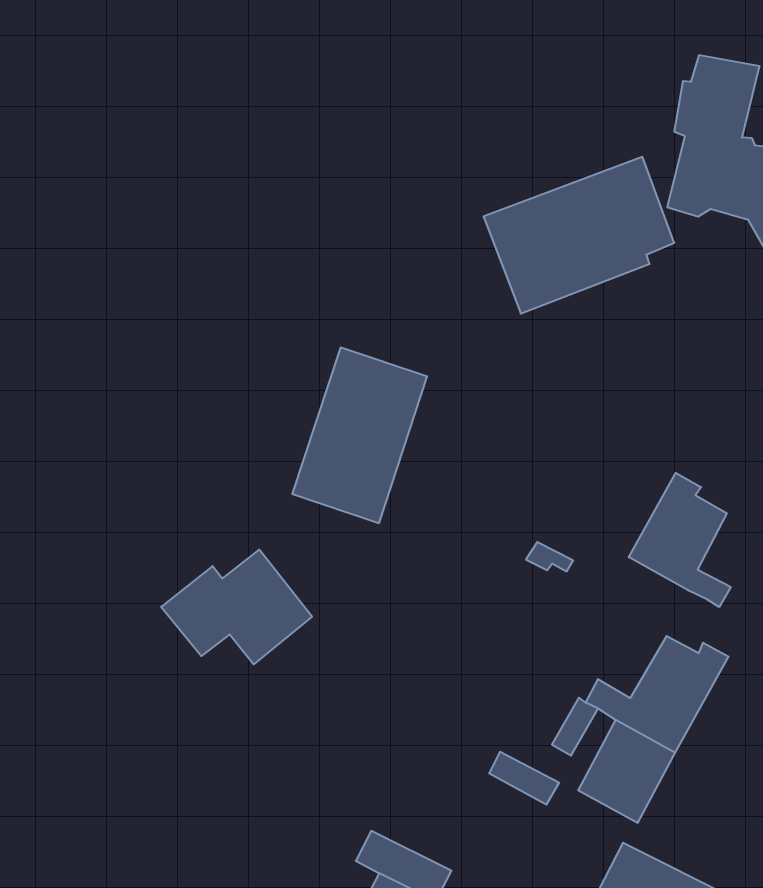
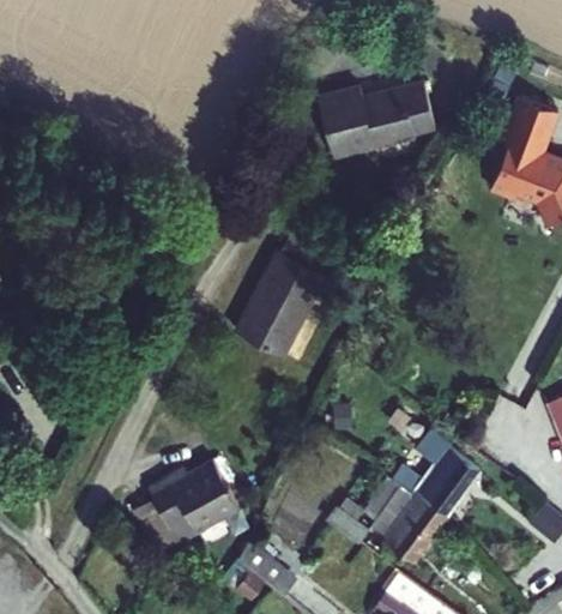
building: [484,157,674,314] -> [324,73,437,158]
building: [629,473,731,607] -> none
building: [161,550,312,664] -> [149,466,240,536]

